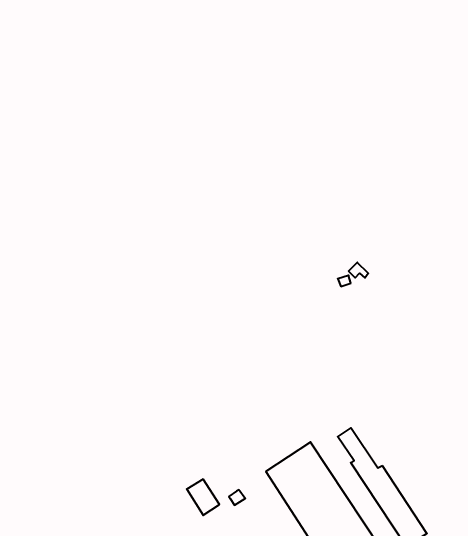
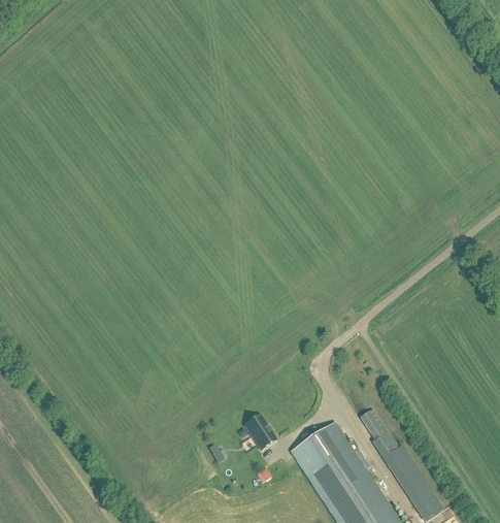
building: [187,479,219,515] -> [245,415,276,449]

